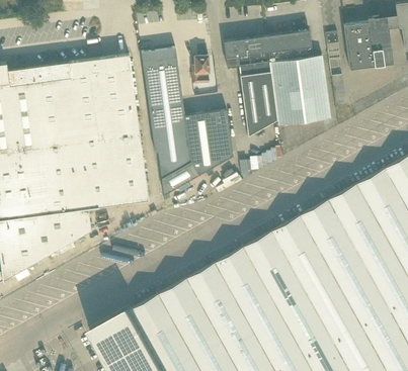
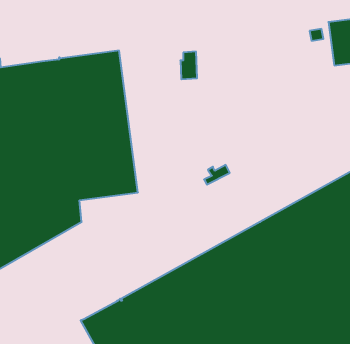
building: [223,31,330,136] -> none
building: [141,49,231,202] -> none

